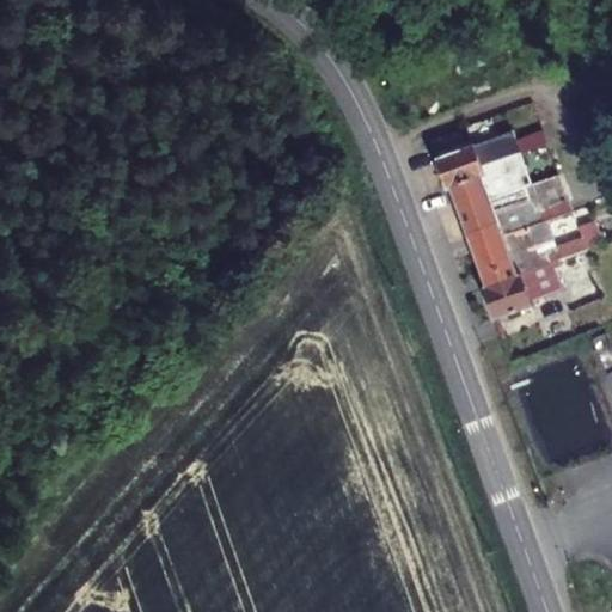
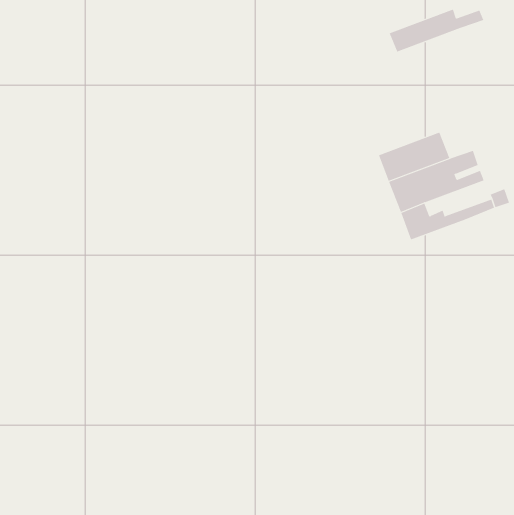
building: [434,133,546,184] -> [389,9,484,53]
building: [481,259,558,318] -> none

